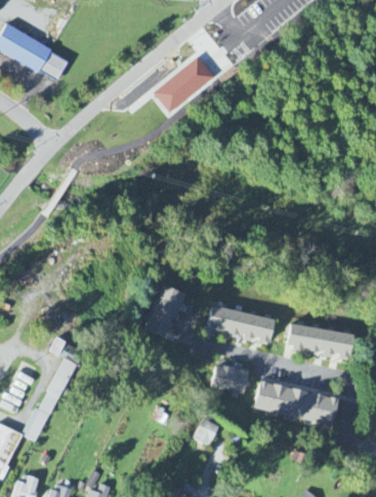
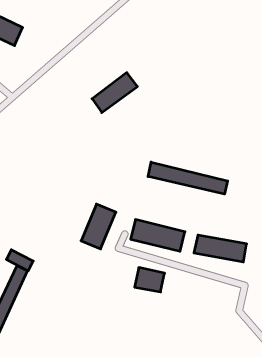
building: [157,55,214,106] -> [92,73,137,113]
building: none -> [148,162,228,194]
building: [255,379,336,424] -> none
building: [193,421,218,449] -> none

